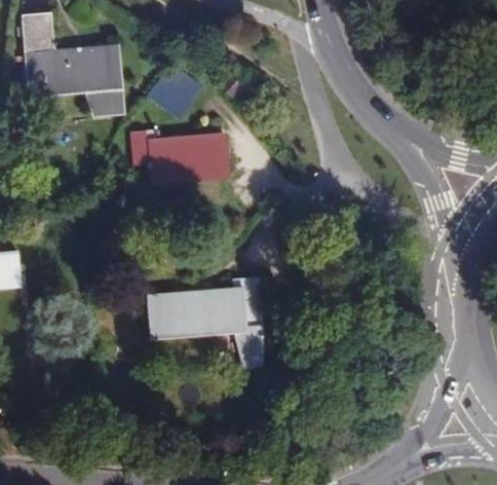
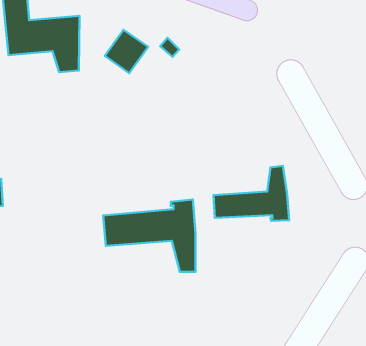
building: [129,128,230,180] -> none
building: none -> [214,166,289,221]

